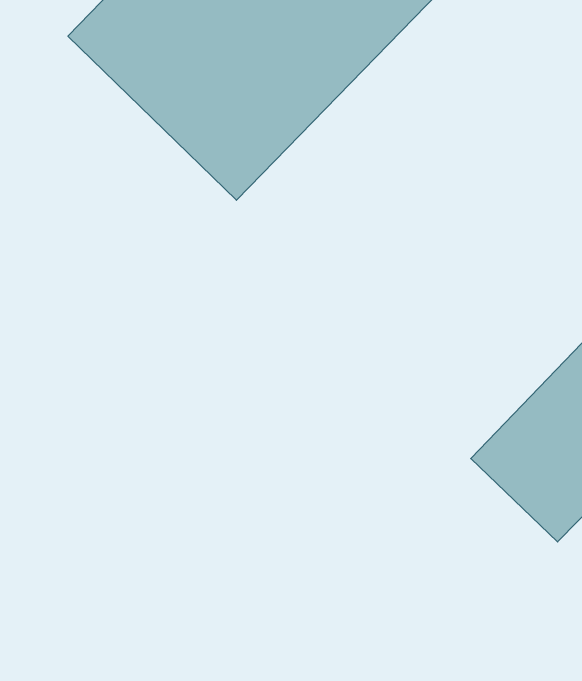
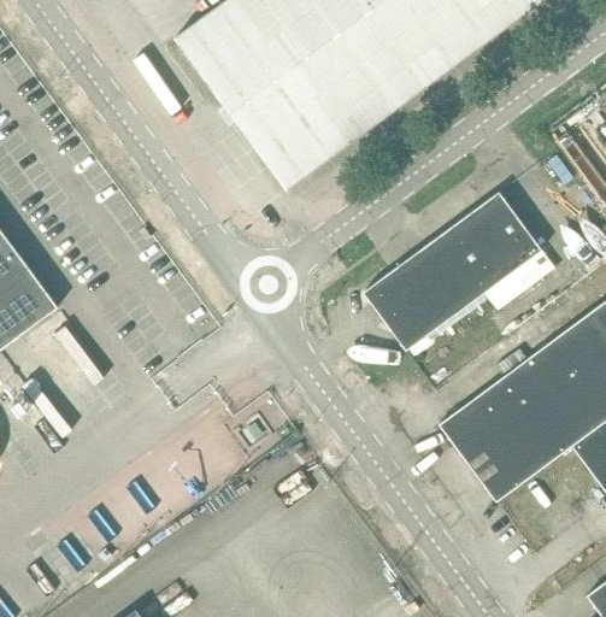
building: none -> [364,192,549,349]

